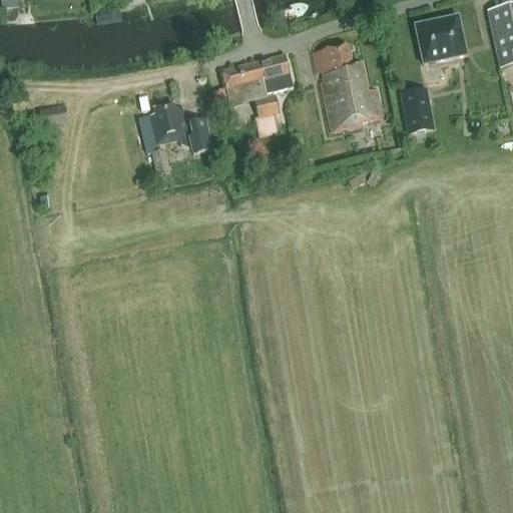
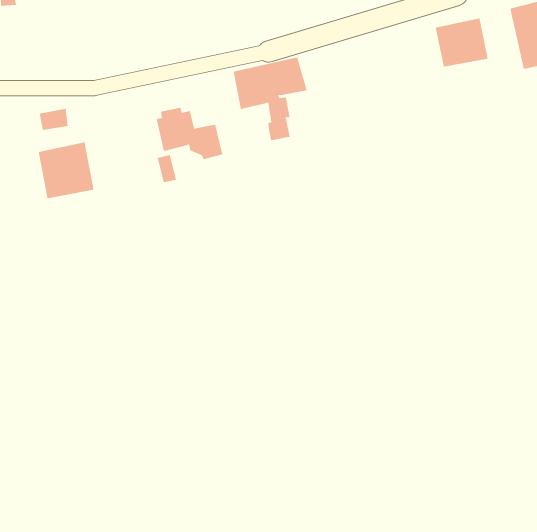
building: [313,44,382,131] -> none
building: [402,85,430,128] -> none
building: none -> [38,142,94,199]

